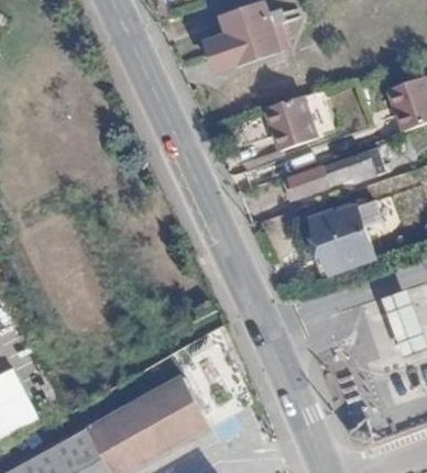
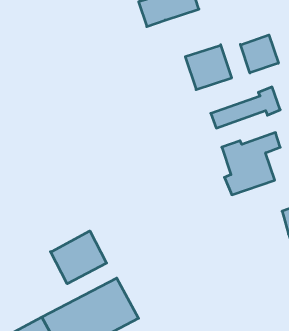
building: none -> [240,35,278,73]
building: none -> [50,231,107,284]

